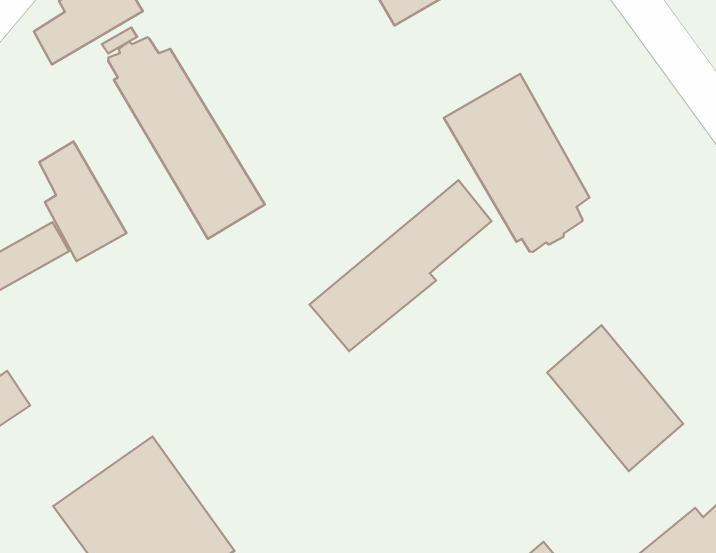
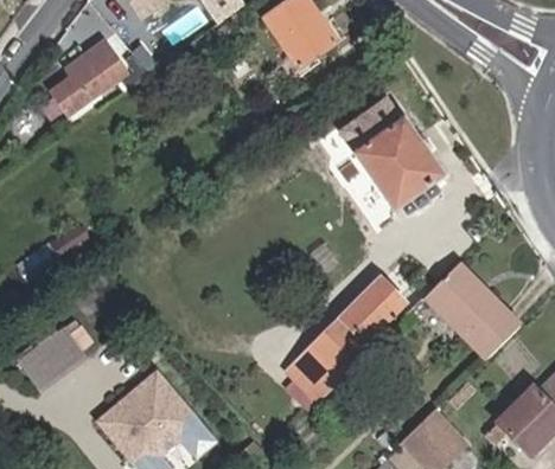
building: [108,37,265,239] -> none
building: [39,141,126,261] -> none
building: [310,180,491,351] -> [286,277,406,400]

